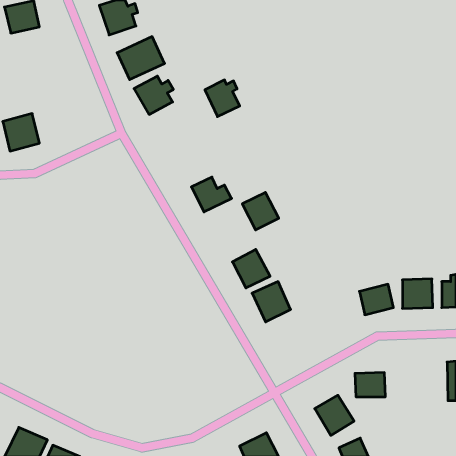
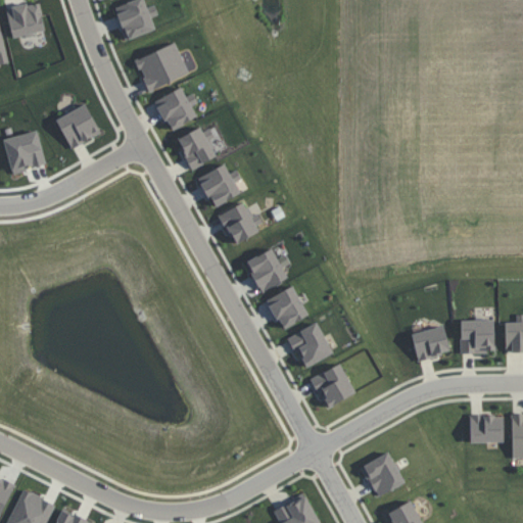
building: [205,80,240,117] -> [177,128,217,170]
building: none -> [55,105,100,149]
building: none -> [197,164,241,208]
building: [242,192,279,230] -> [245,249,287,292]
building: none -> [311,364,354,409]
building: [355,373,385,397] -> [469,416,504,443]

